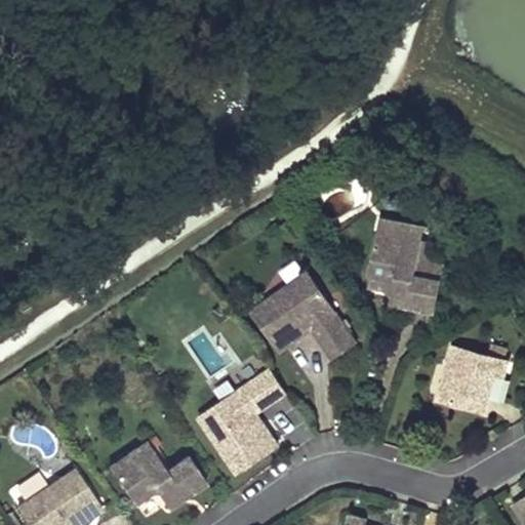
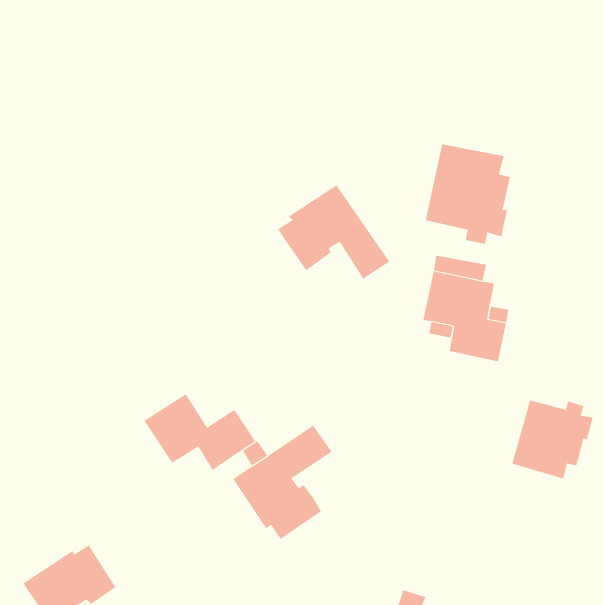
building: none -> [425,143,511,244]
building: [253,278,351,360] -> [277,184,390,279]
building: [109,441,206,508] -> [143,394,256,471]

